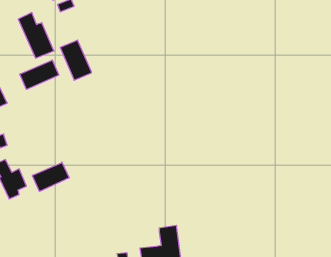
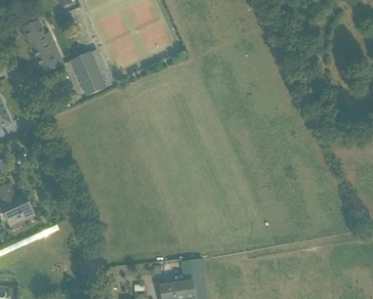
building: [20,60,59,89] -> none
building: [32,162,69,191] -> none

